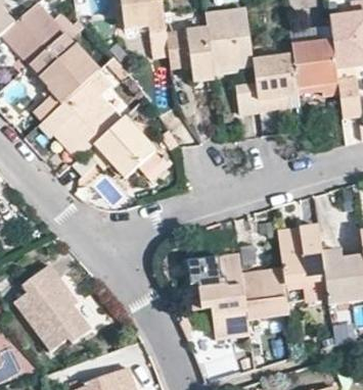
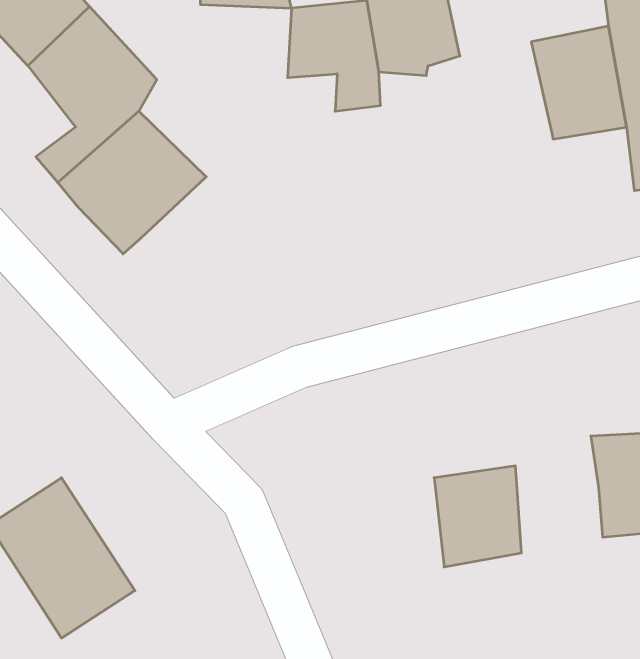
building: [238,49,304,113] -> none
building: [91,118,154,169] -> none
building: [280,225,327,282] -> none
building: [191,254,249,336] -> none

